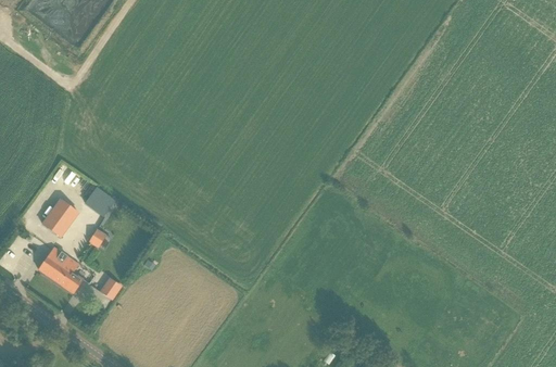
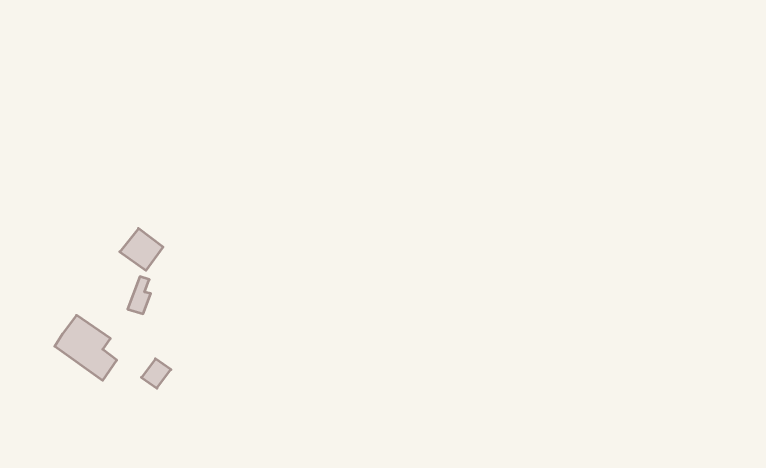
building: [42,199,78,237] -> none

